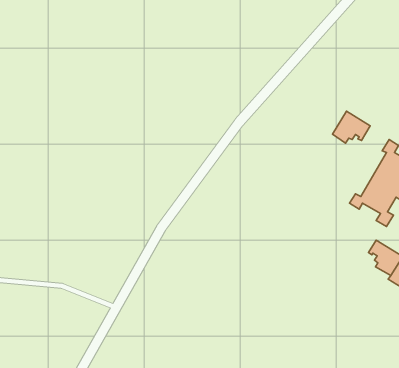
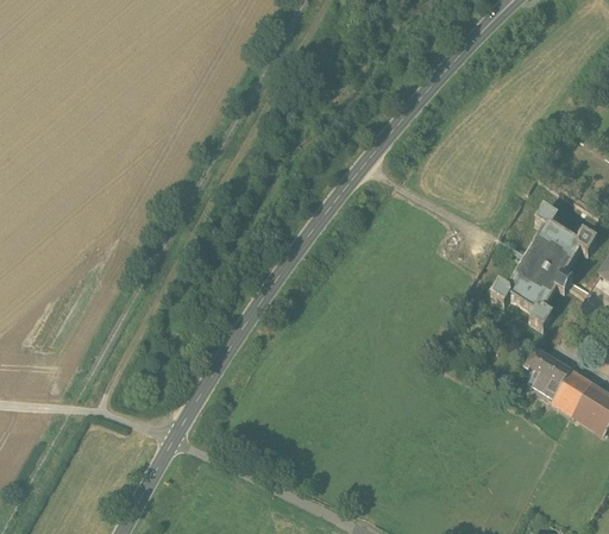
building: [333,111,370,143] -> none

